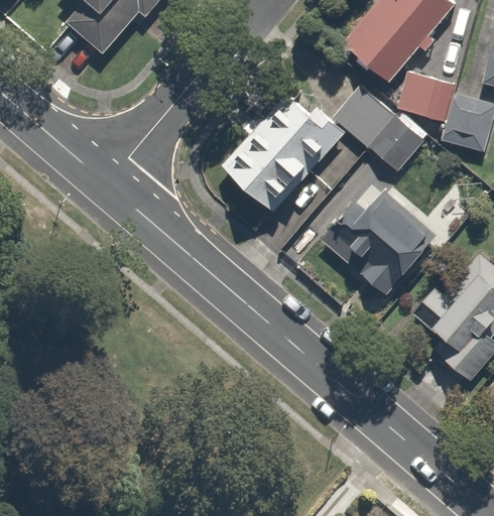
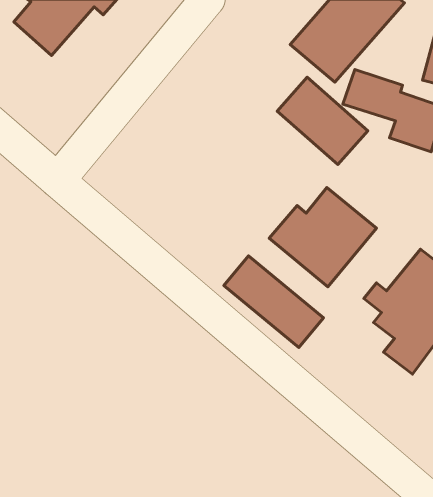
building: [221,90,343,216] -> none
building: none -> [224,256,324,347]

